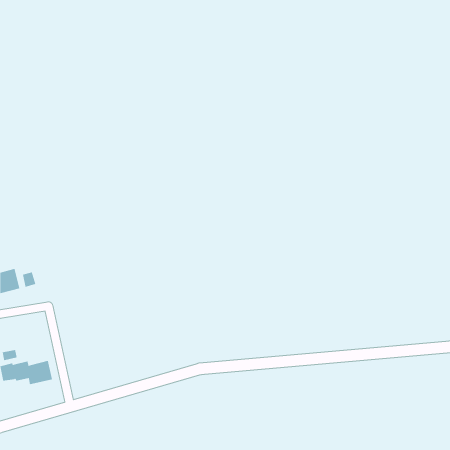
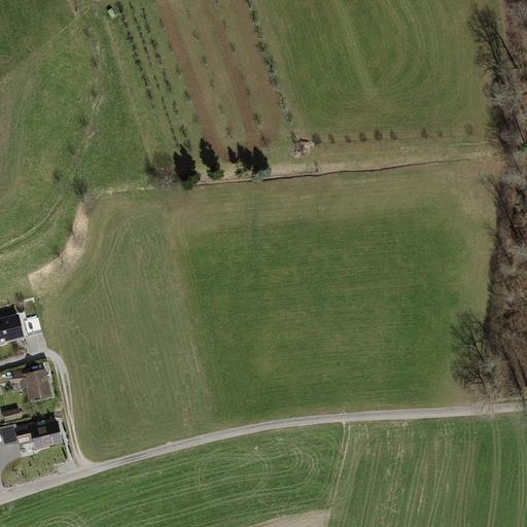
building: none -> [10,370,51,400]

